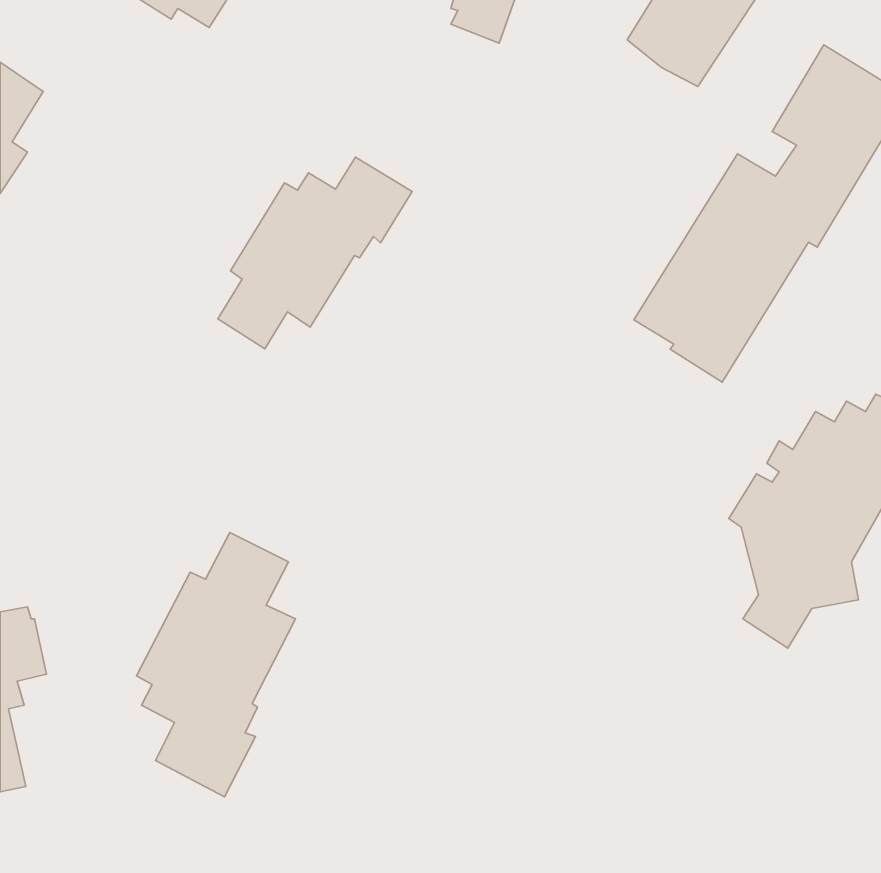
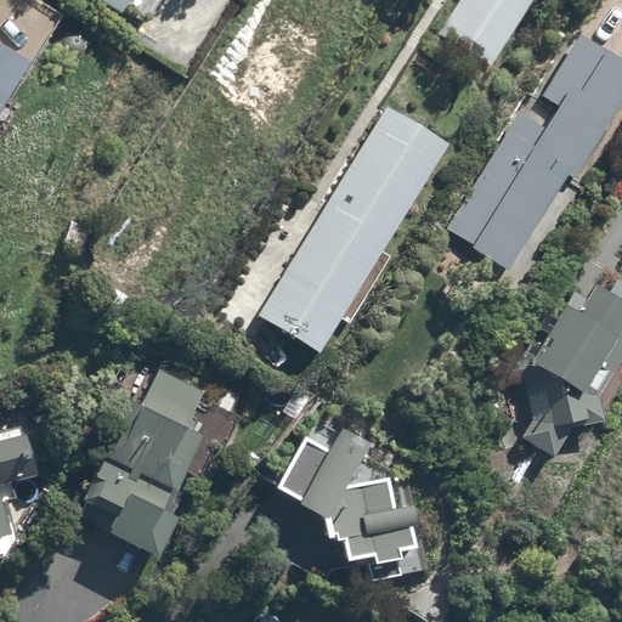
building: none -> [258,104,448,352]
building: [218,157,412,349] -> none
building: none -> [276,429,415,566]

